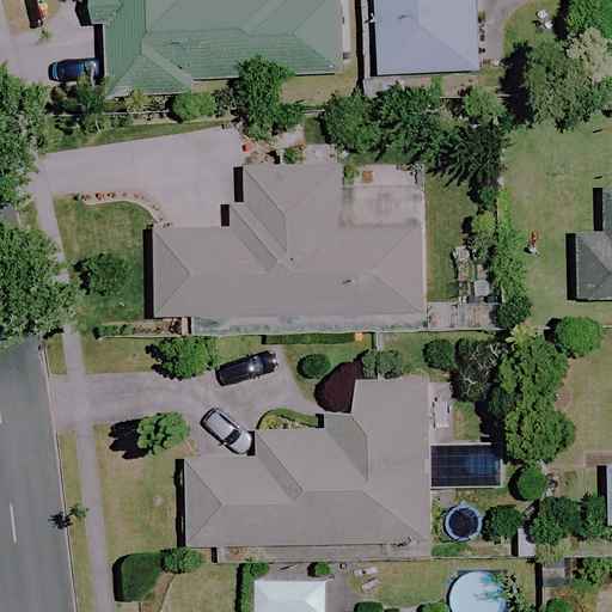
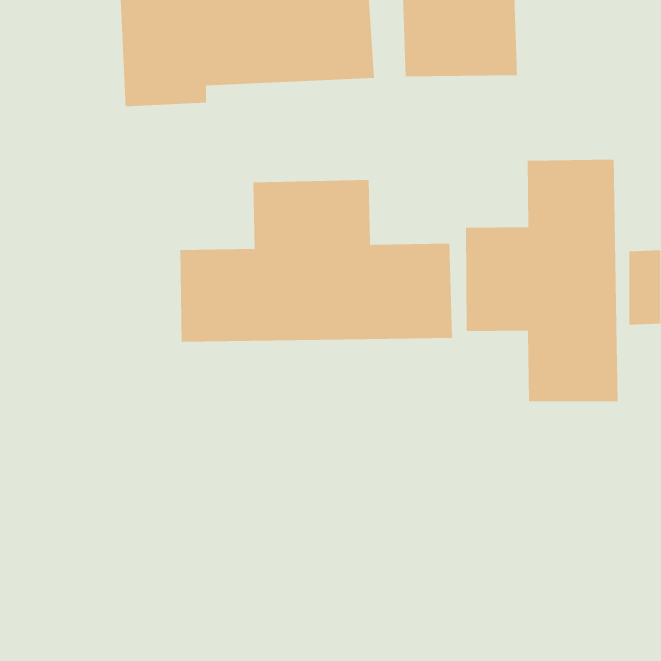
building: none -> [465,159,618,402]
building: [192,380,426,541] -> none

